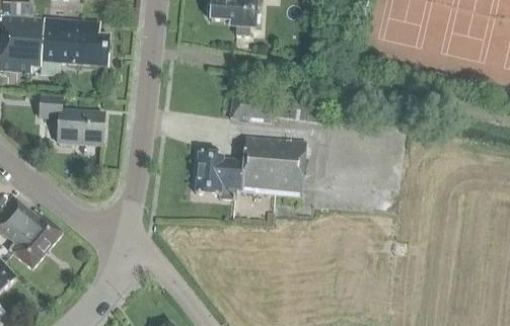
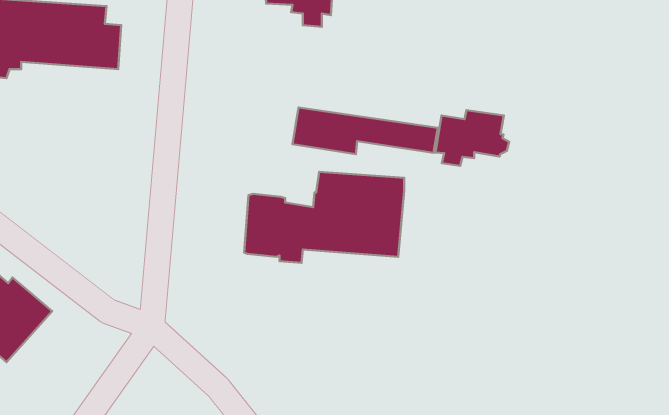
building: none -> [436,110,509,166]
building: [40,95,103,144] -> none

